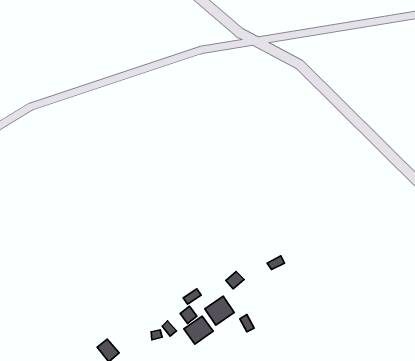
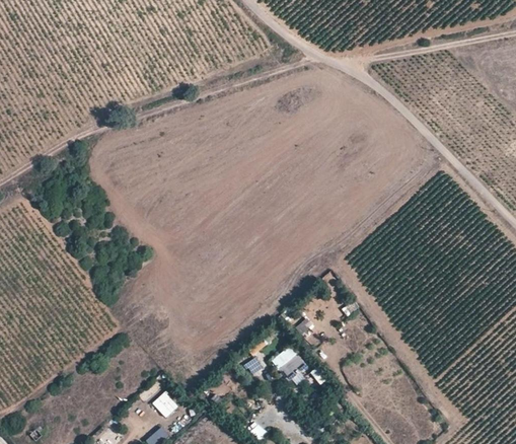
building: [184,316,213,344] -> none

